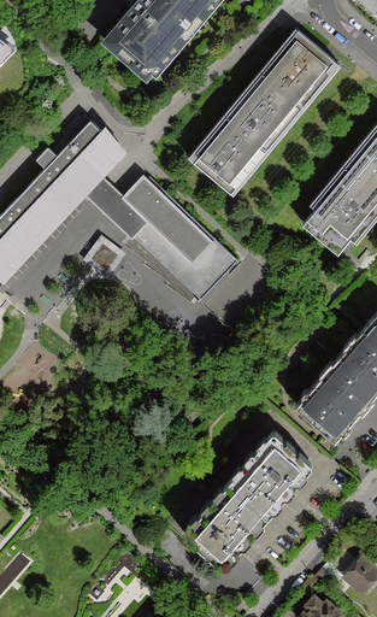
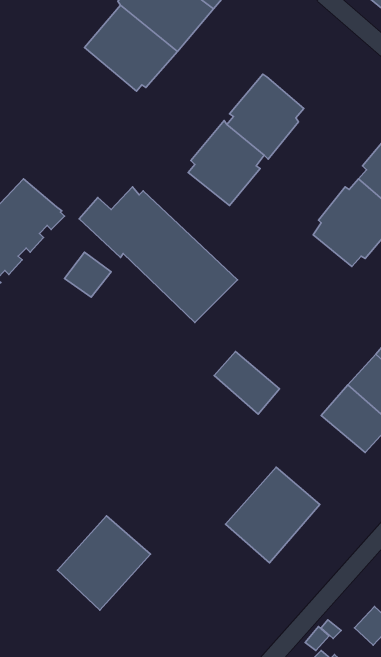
building: [264,30,332,107] -> none
building: [35,121,125,205] -> none
building: [294,383,353,440] -> [214,352,279,414]
building: [182,482,266,568] -> [57,516,150,610]

